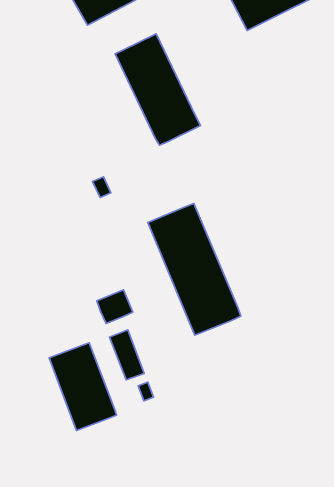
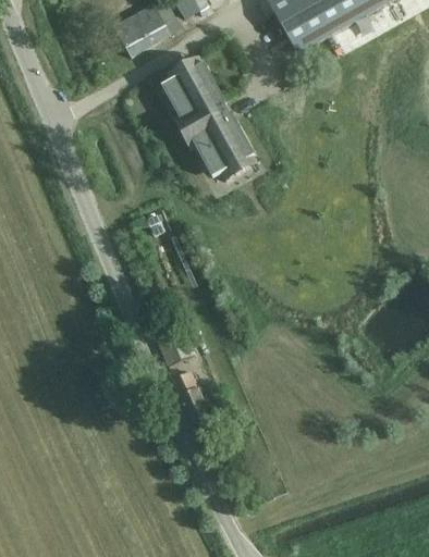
building: [148,203,241,335] -> none
building: [49,343,116,430] -> none

